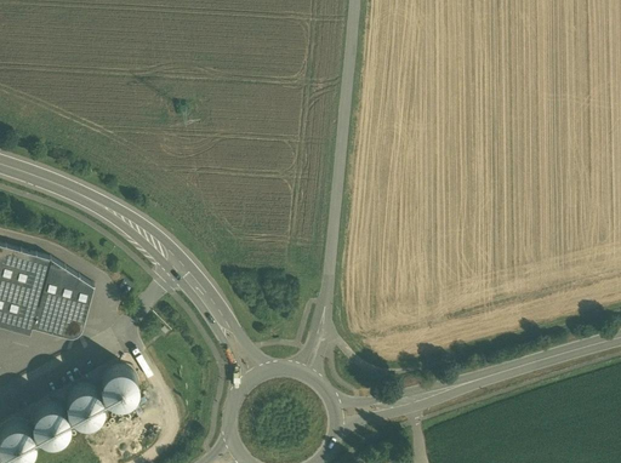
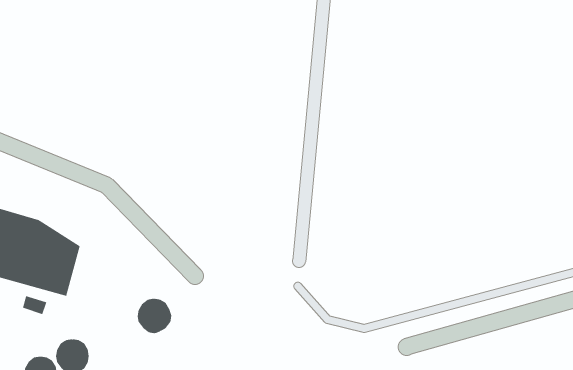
building: [95,365,132,402] -> [137,298,172,334]

